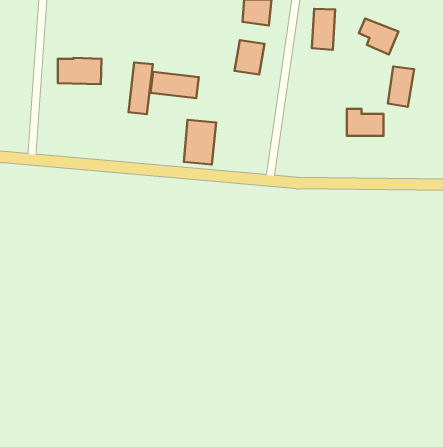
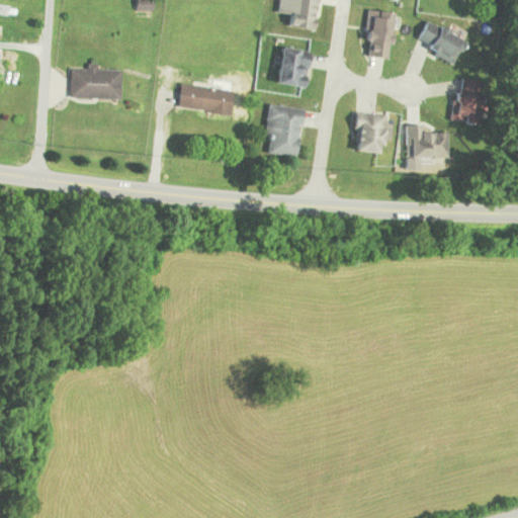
building: [129,62,153,114] -> none
building: none -> [355,112,391,152]
building: [184,120,216,164] -> [266,104,304,156]

